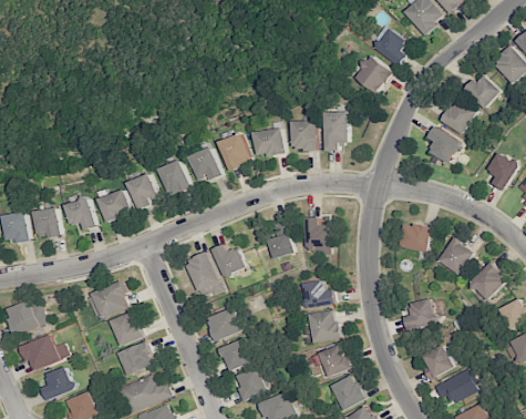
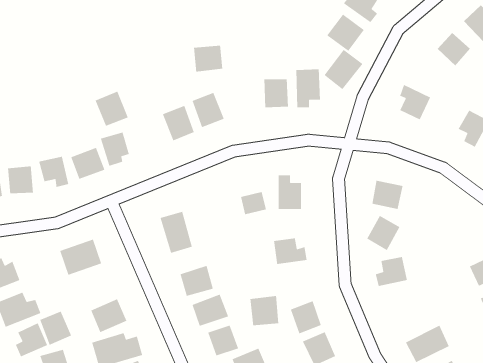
building: none -> [324,49,363,90]
building: [441,96,478,135] -> none
building: [255,129,285,156] -> [193,45,223,72]
building: [157,160,192,196] -> [95,90,129,127]
building: [439,238,473,275] -> [366,215,401,251]
building: [214,245,246,276] -> none
building: [468,263,506,300] -> none
building: [309,310,339,341] -> [249,295,279,326]
building: [110,311,143,347] -> [39,311,72,346]
building: [422,345,454,380] -> none

